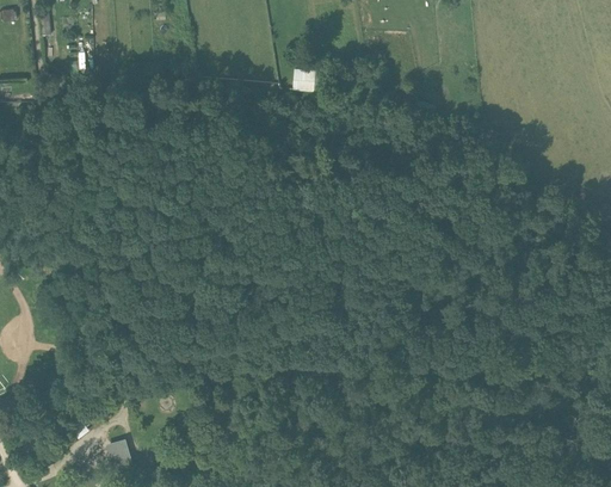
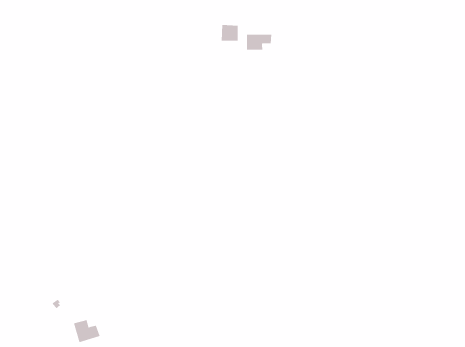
building: none -> [247,34,272,51]

